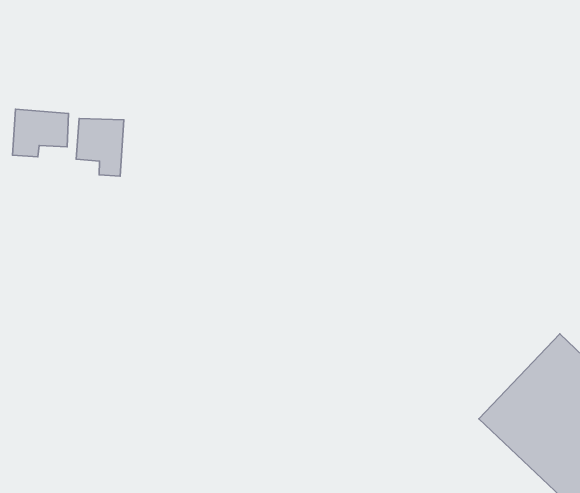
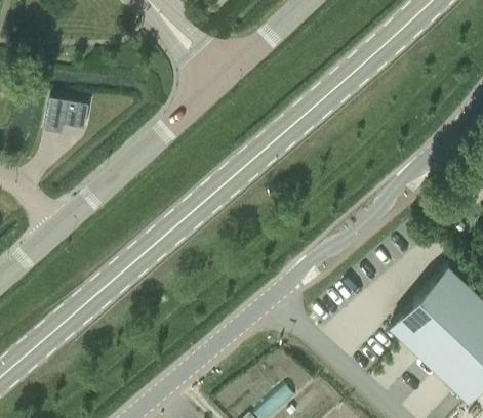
building: [76,118,124,176] -> none

